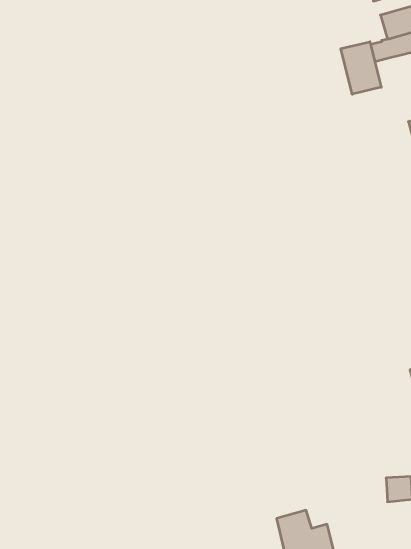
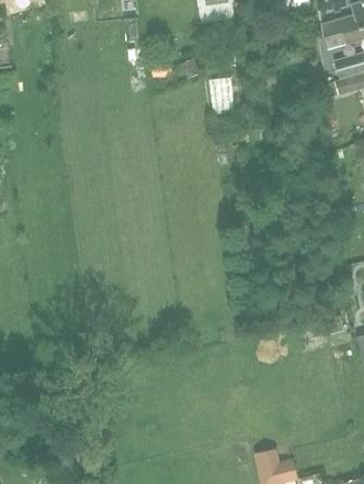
building: [341,42,381,94] -> none

